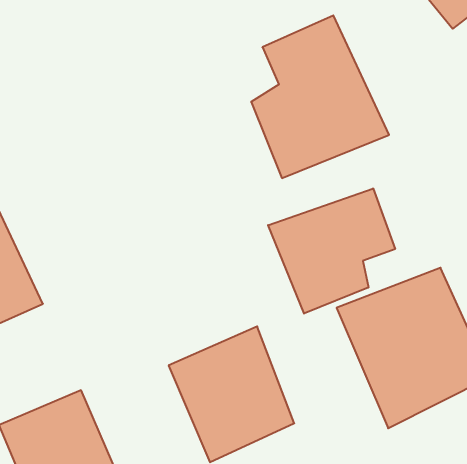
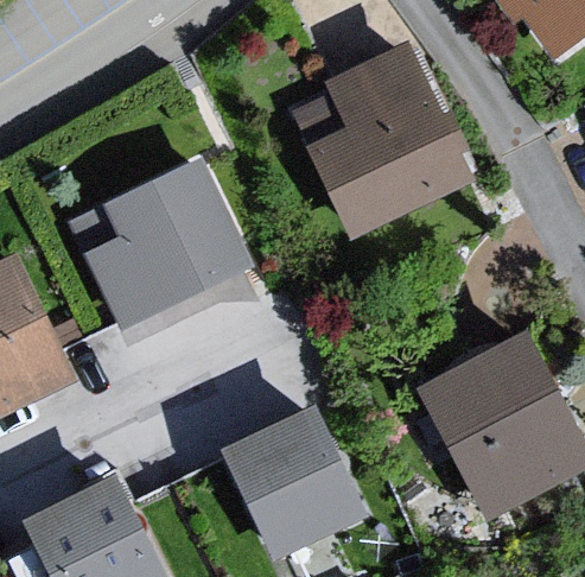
building: none -> [82,157,253,326]
building: [268,188,395,314] -> none

